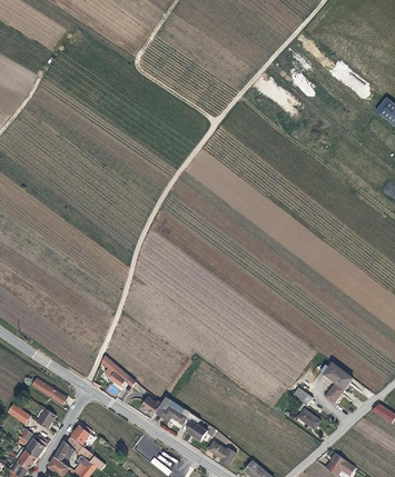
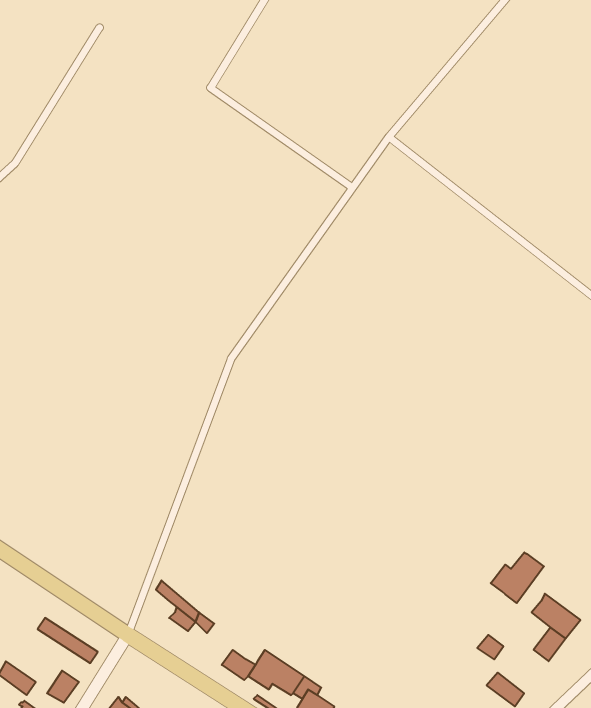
building: none -> [491,552,544,603]

